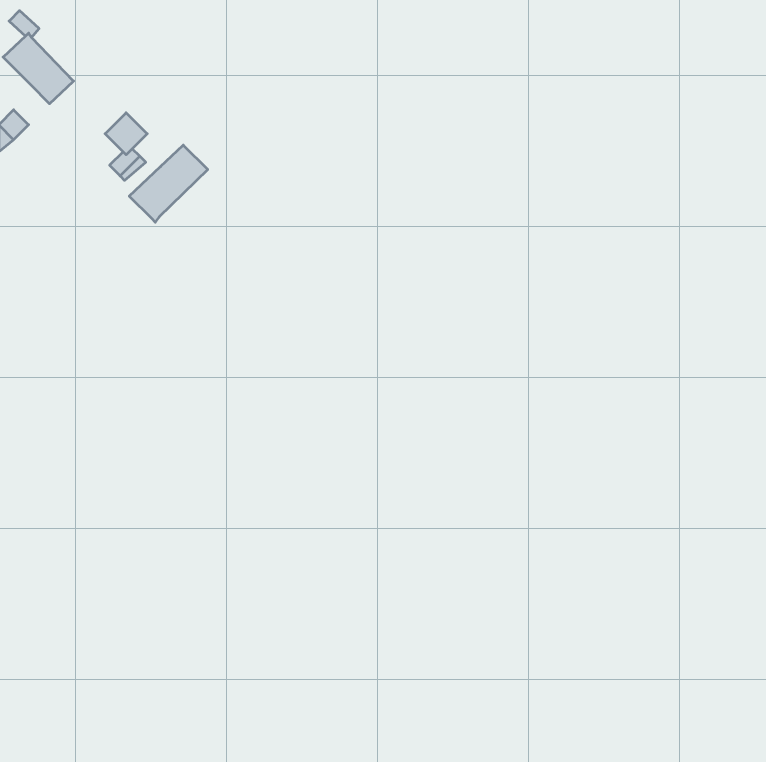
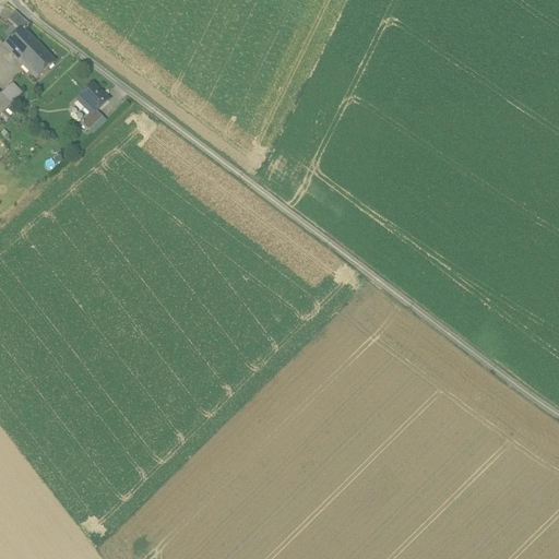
building: [129,145,208,222] -> none

